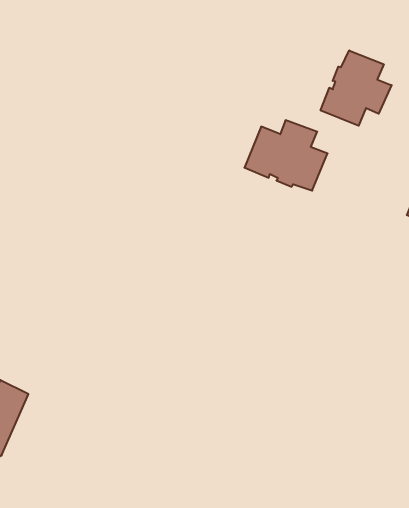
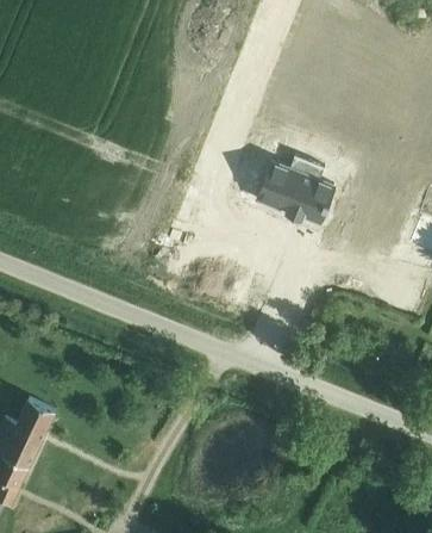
building: [321,50,392,126] -> none

